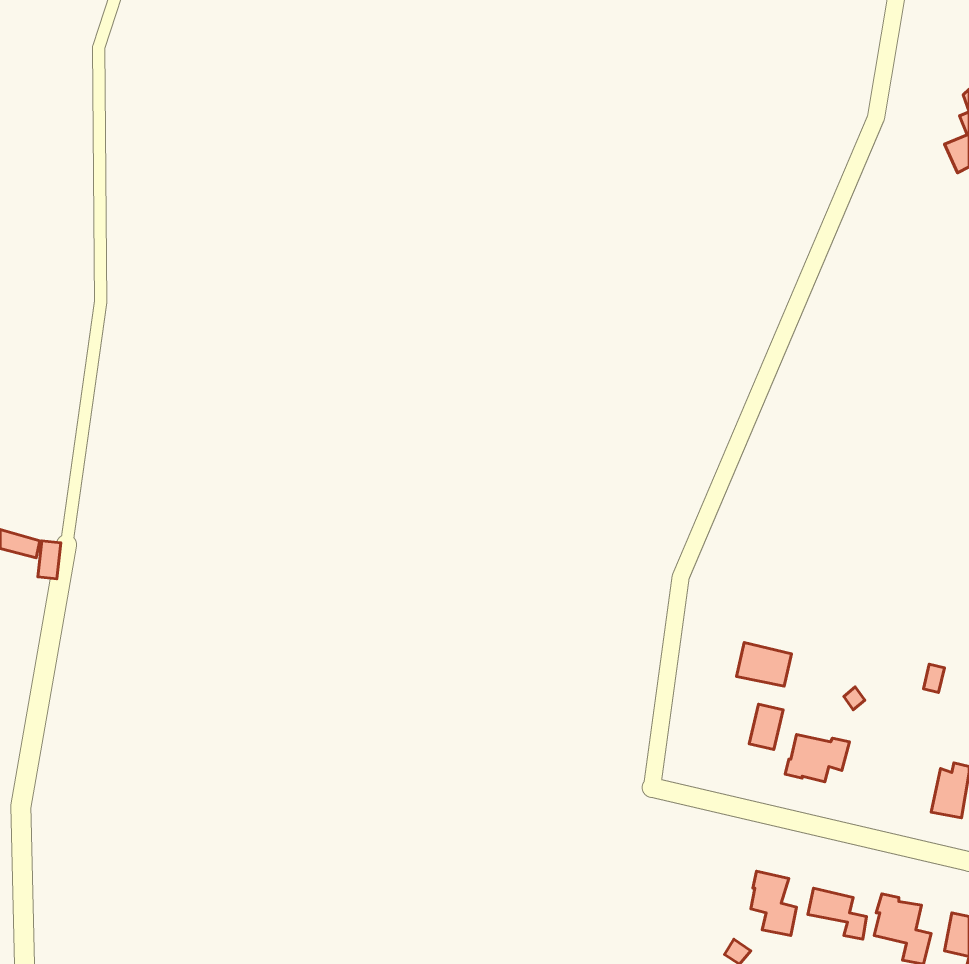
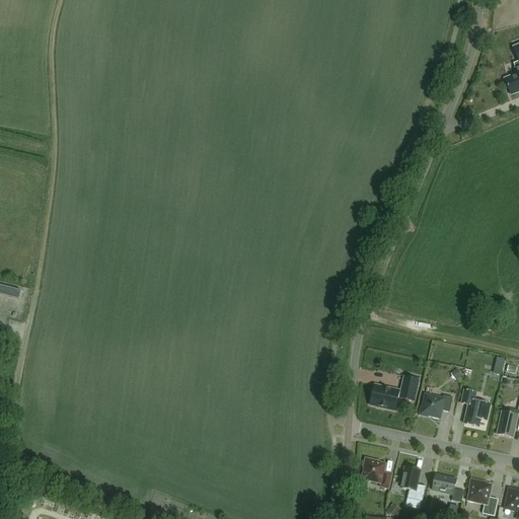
building: [737,642,792,686] -> [370,385,399,409]
building: none -> [460,388,491,426]
building: none -> [362,456,392,488]

